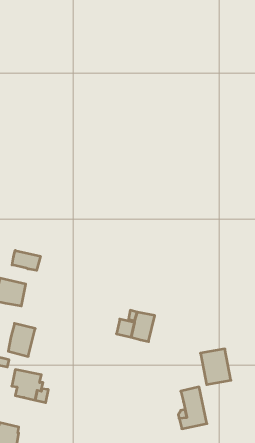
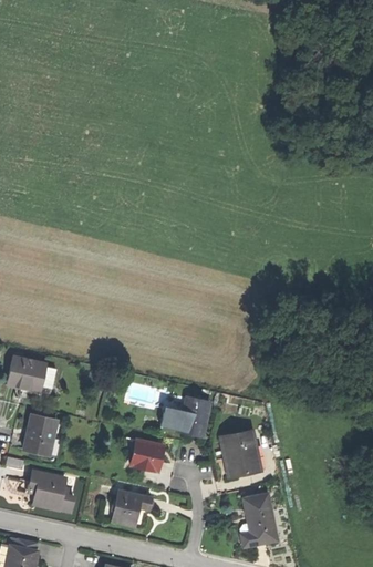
building: [12,250,40,270] -> none
building: none -> [129,440,162,472]
building: [200,349,231,385] -> [221,430,260,475]
building: none -> [111,489,151,526]

